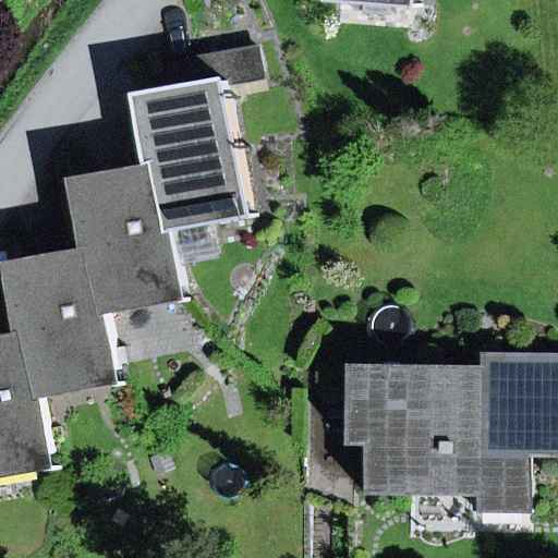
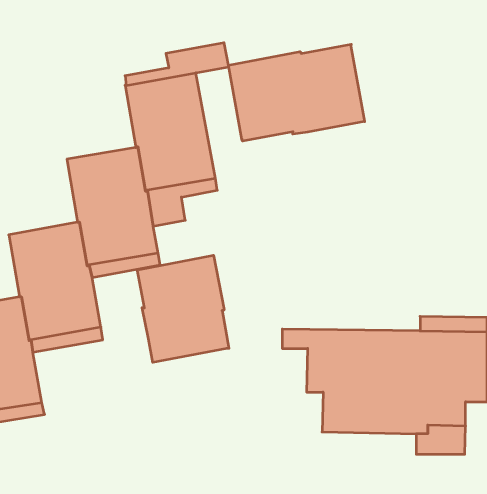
building: none -> [229,44,365,141]
building: none -> [137,255,229,362]

